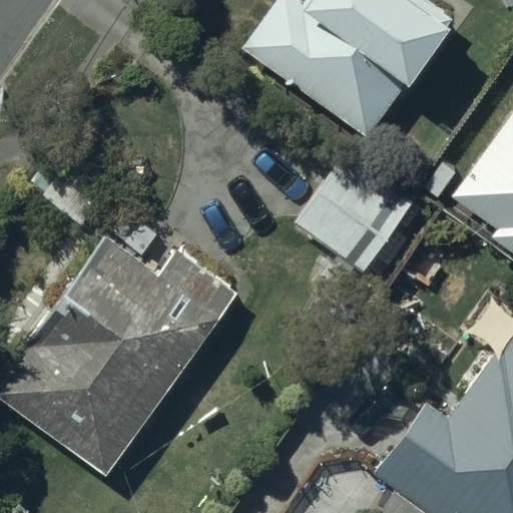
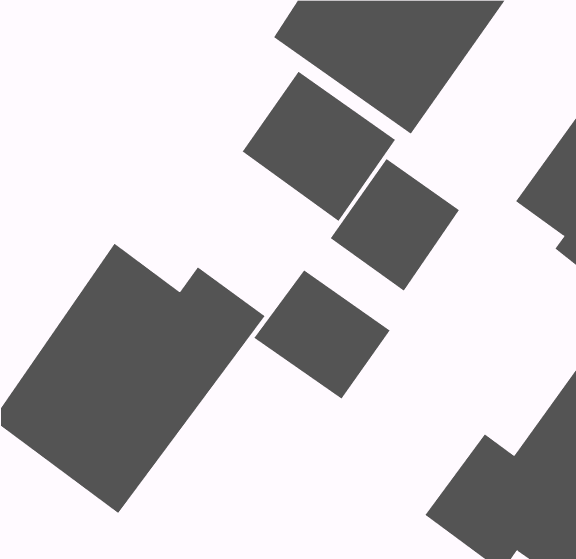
building: none -> [242,71,396,222]
building: none -> [254,270,390,400]

